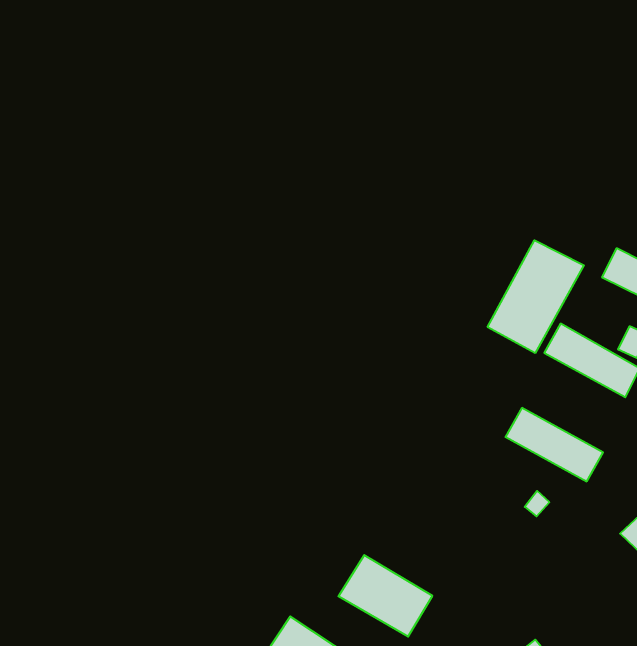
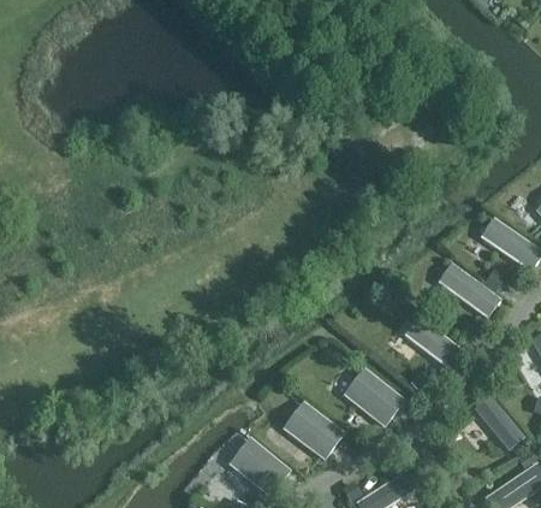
building: [488,240,584,353] -> none
building: none -> [345,370,404,426]

